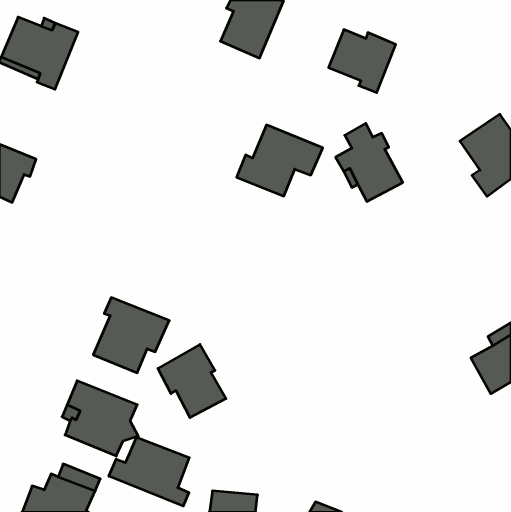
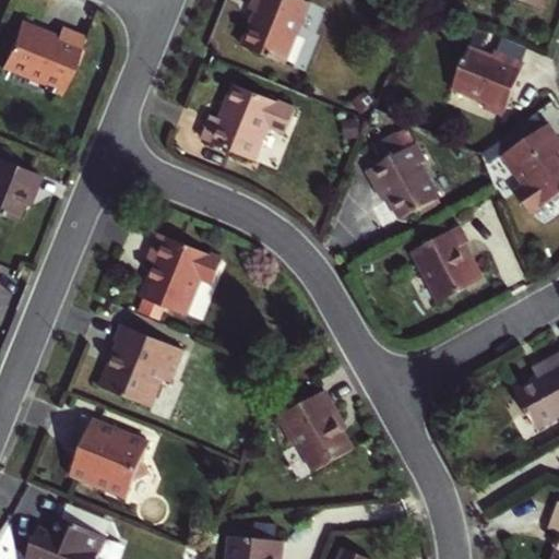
building: [329,30,396,93] -> [451,47,524,116]
building: [237,125,323,196] -> [201,83,295,160]
building: none -> [411,225,479,302]
building: none -> [143,234,222,314]
building: [158,344,226,418] -> [278,390,353,469]
building: [109,437,189,506] -> none

